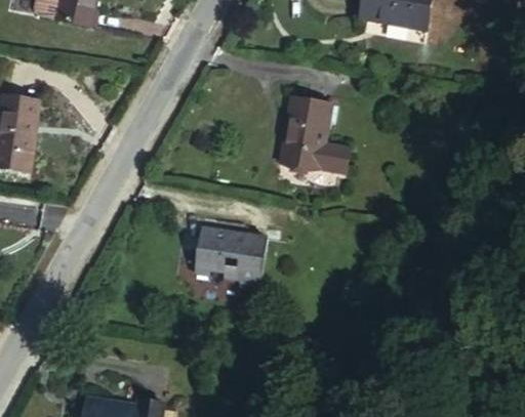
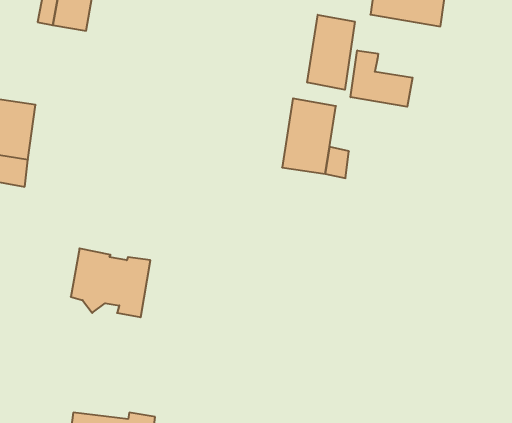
building: none -> [307,15,355,90]
building: none -> [351,50,413,107]
building: [190,225,266,291] -> [71,248,150,317]

